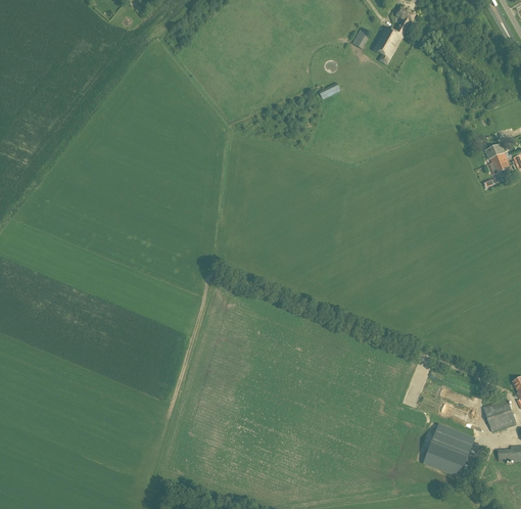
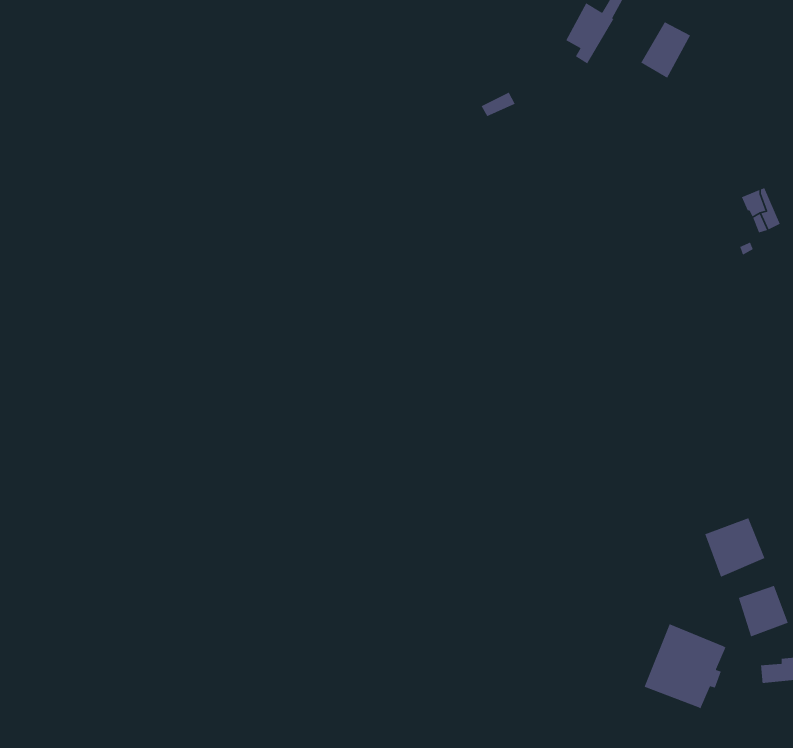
building: none -> [640,21,691,79]
building: none -> [704,517,766,578]

